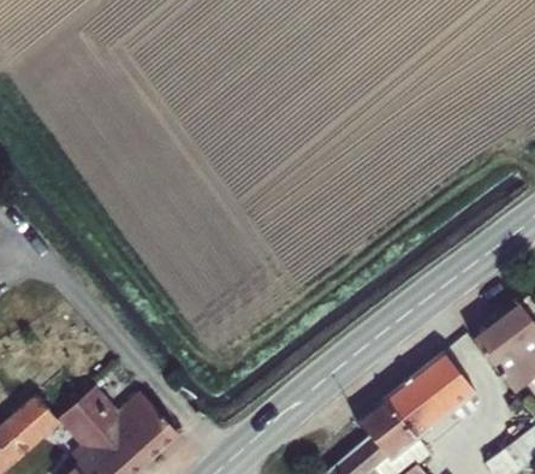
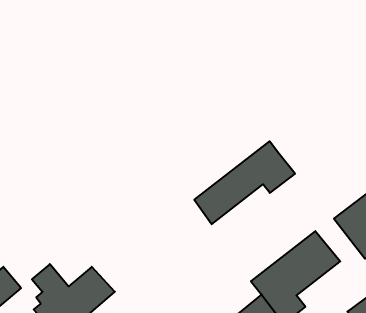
building: none -> [194,141,295,224]

